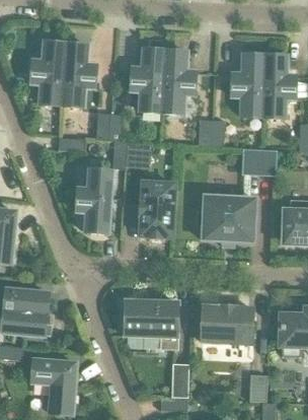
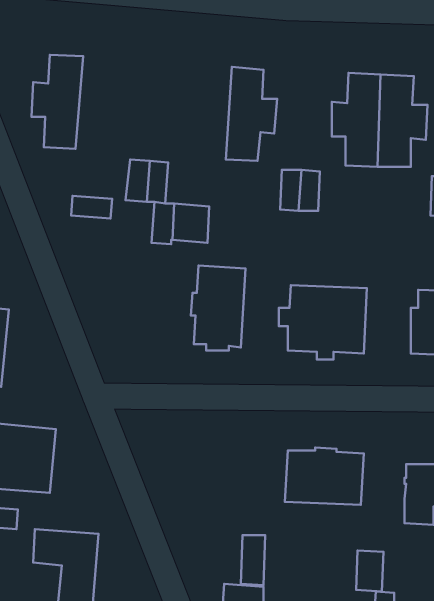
building: [61,42,95,106] -> none
building: [131,48,165,111] -> none
building: [242,147,276,172] -> none
building: [77,169,112,232] -> none
building: [121,300,177,346] -> none

